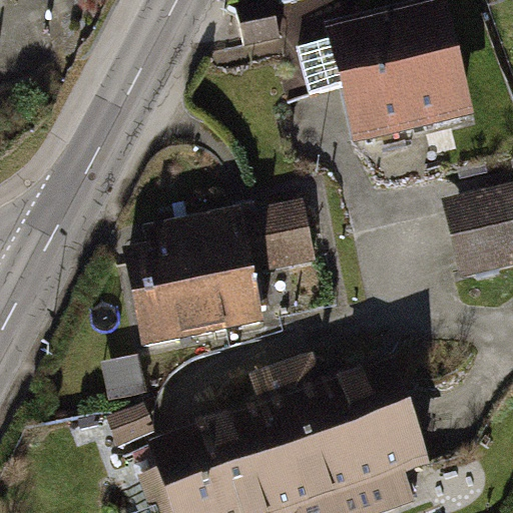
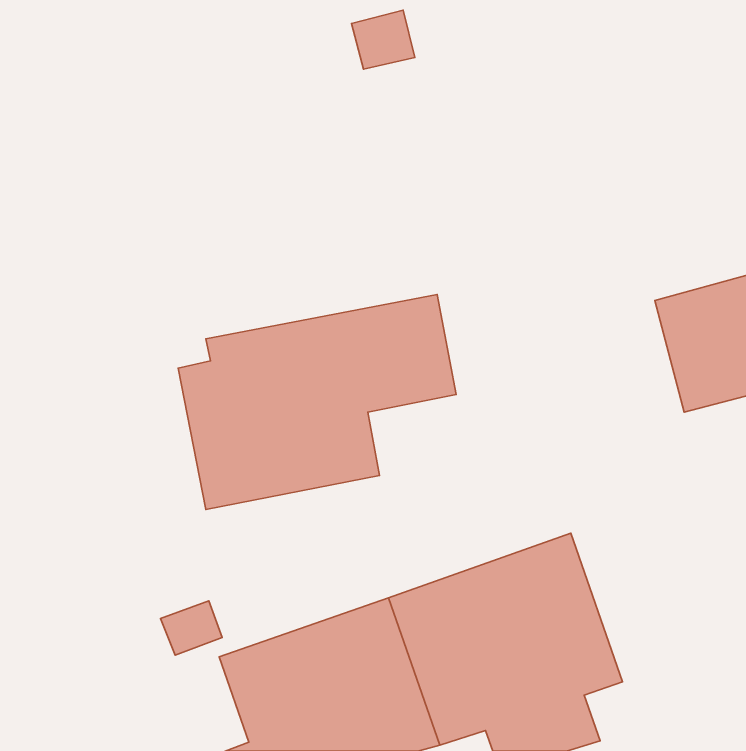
building: [302,6,472,140] -> none

